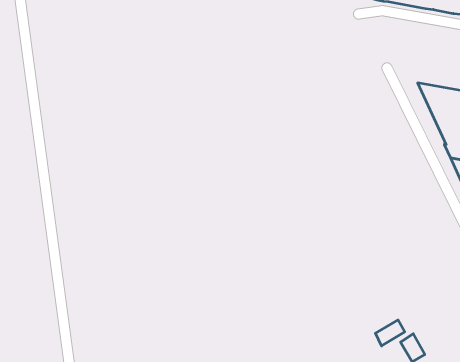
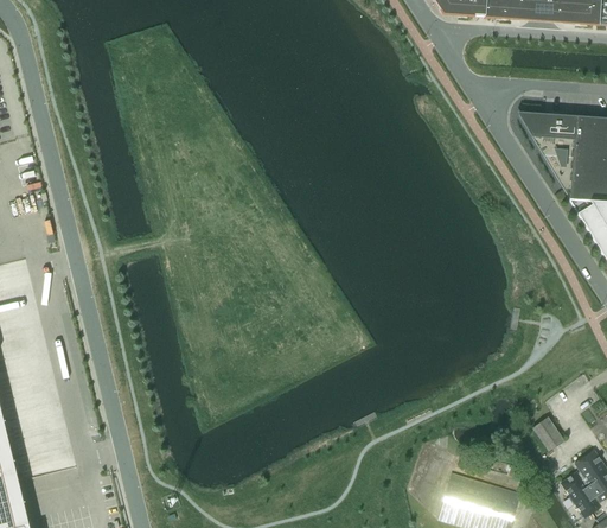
building: [375,320,405,346] -> none

